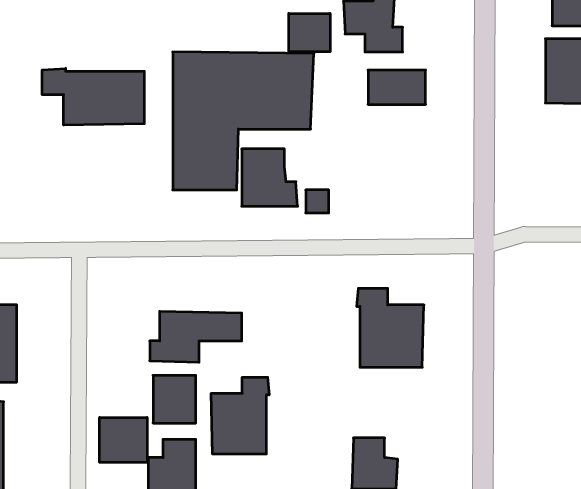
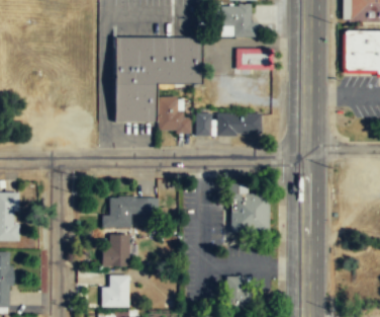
building: [289,13,330,52] -> none
building: [42,68,144,125] -> none
building: none -> [216,113,261,135]
building: [211,377,269,454] -> none
building: [100,417,147,462] -> none

